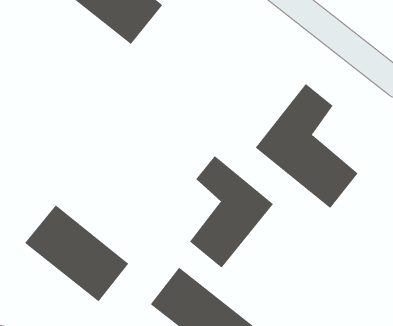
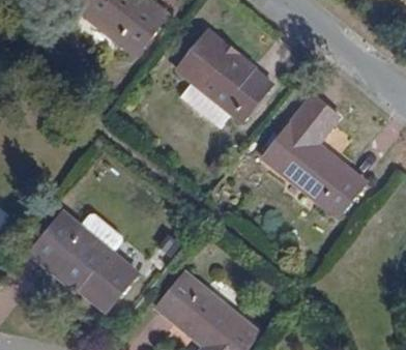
building: none -> [175,29,270,120]
building: [189,155,274,268] -> none

